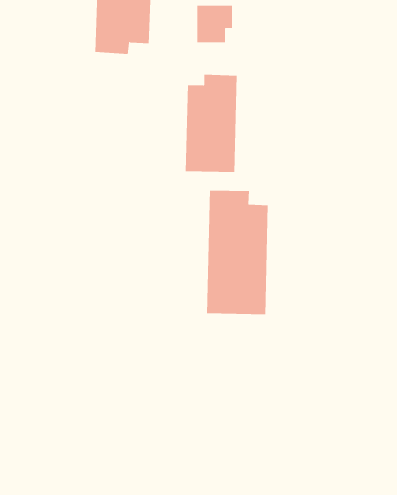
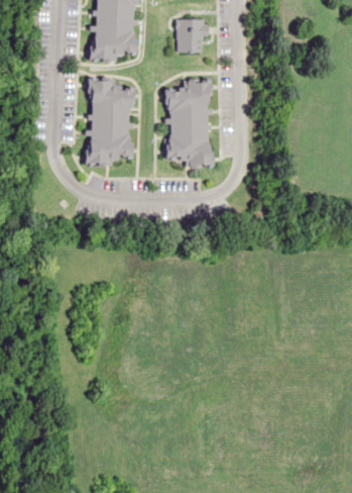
building: none -> [86,81,137,164]
building: [207,190,268,315] -> none

